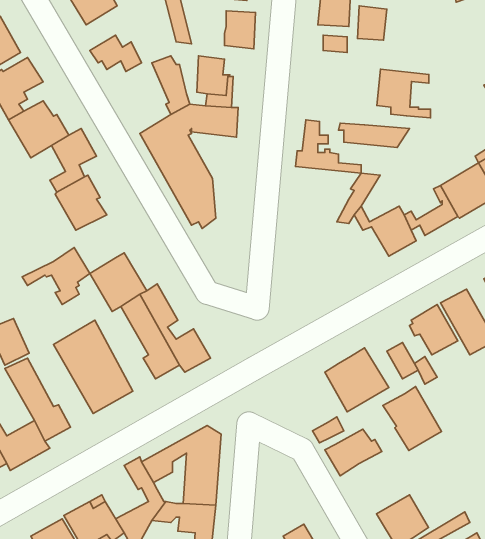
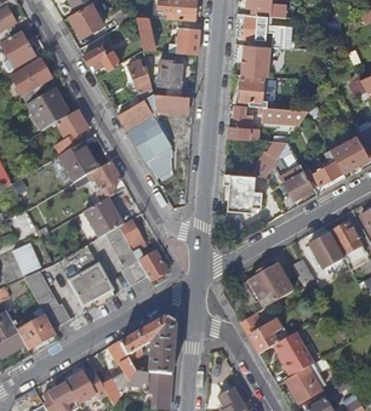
building: [377,69,431,118] -> [238,73,275,107]
building: none -> [223,172,261,211]
building: [22,248,90,305] -> [73,160,120,200]
building: [383,386,442,450] -> [272,331,313,376]

